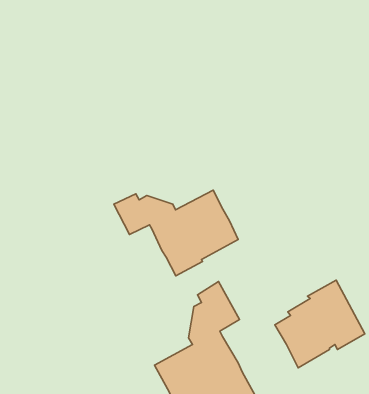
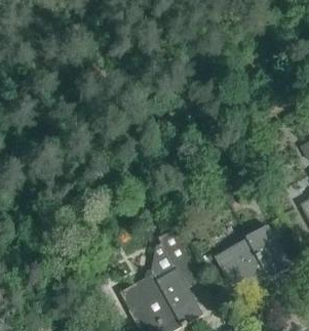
building: [114,190,238,276] -> none

